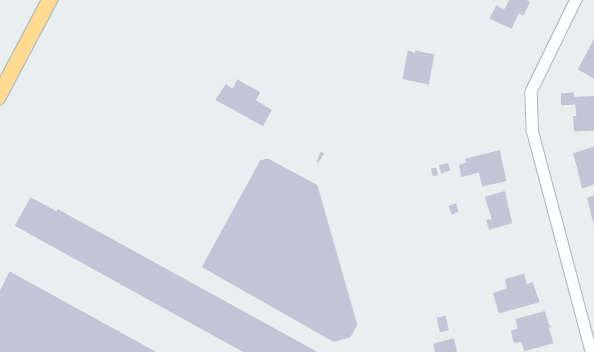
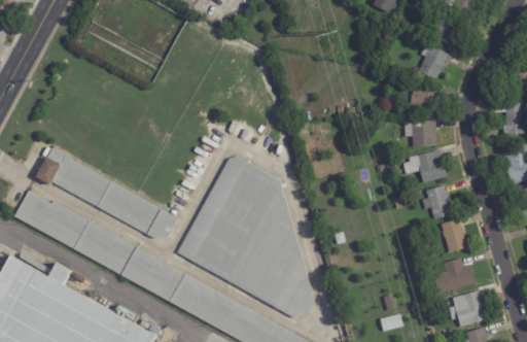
building: none -> [419,45,449,79]
building: [401,50,436,85] -> [410,83,440,114]
building: [215,78,273,127] -> none
building: none -> [405,121,436,146]
building: none -> [35,148,179,238]
building: none -> [441,218,467,252]

